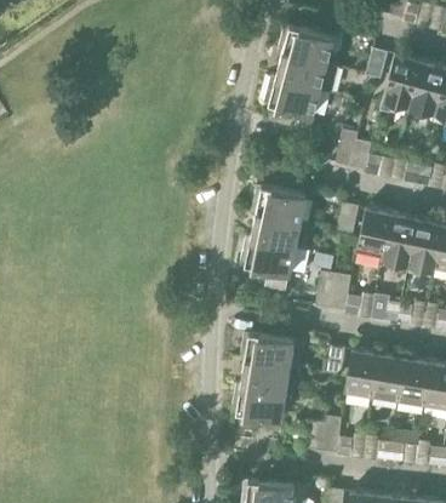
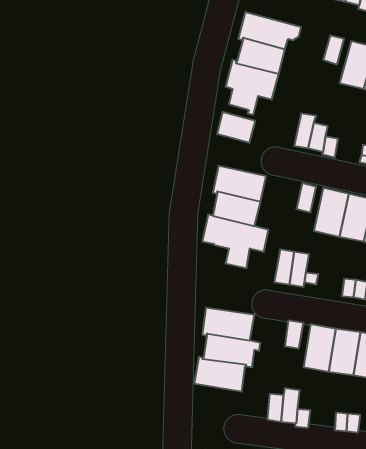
building: none -> [217,112,255,143]

